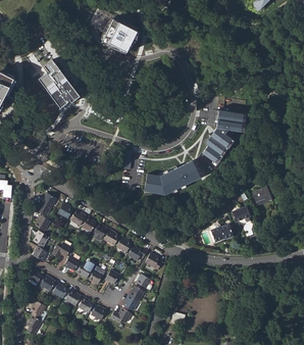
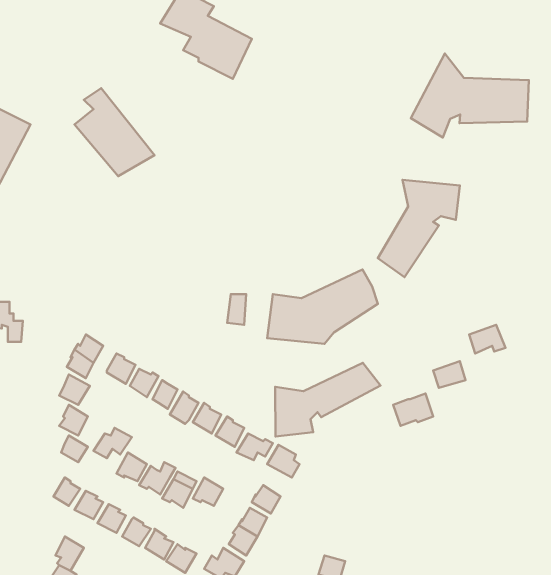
building: none -> [411,53,529,138]
building: none -> [275,363,381,437]

